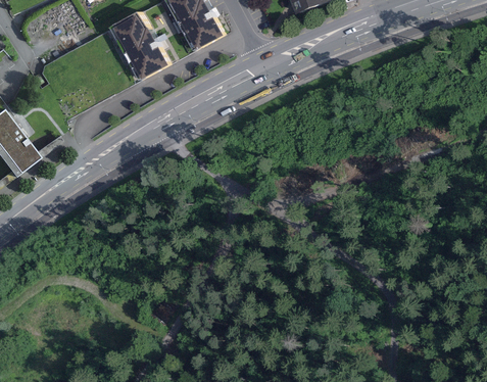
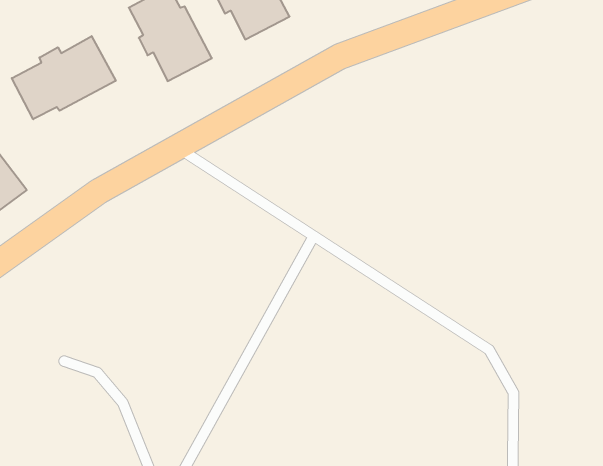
building: none -> [12,36,116,119]

